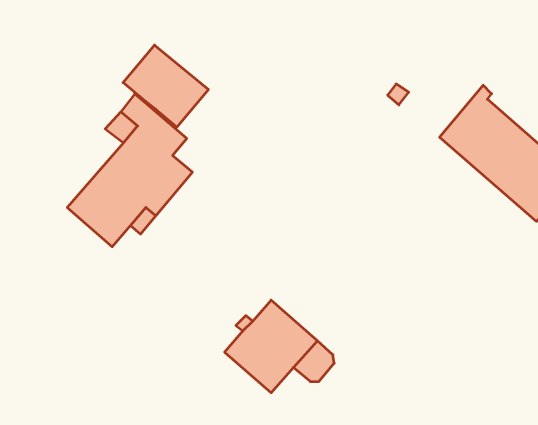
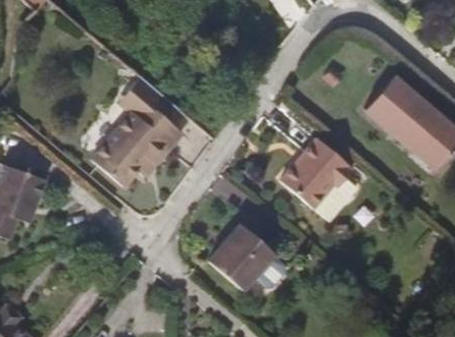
building: [123,45,208,127] -> none
building: none -> [281,136,354,210]

